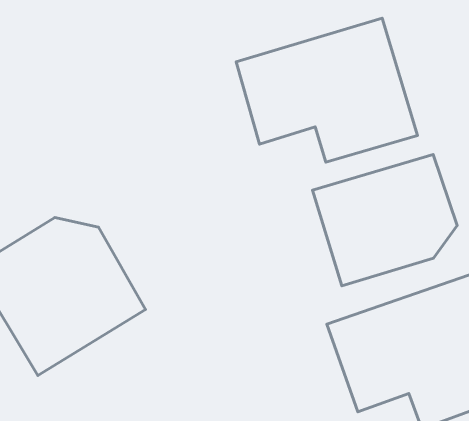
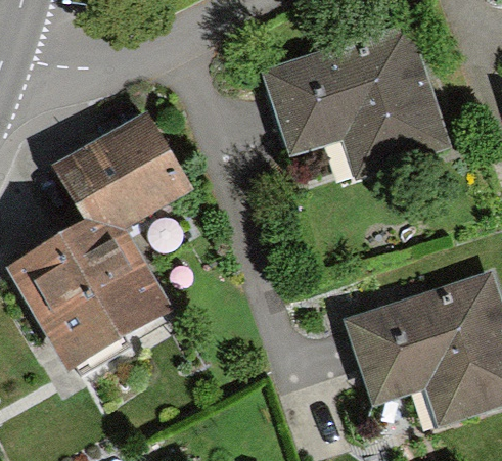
building: none -> [52,110,193,229]
building: [313,154,457,286] -> none

